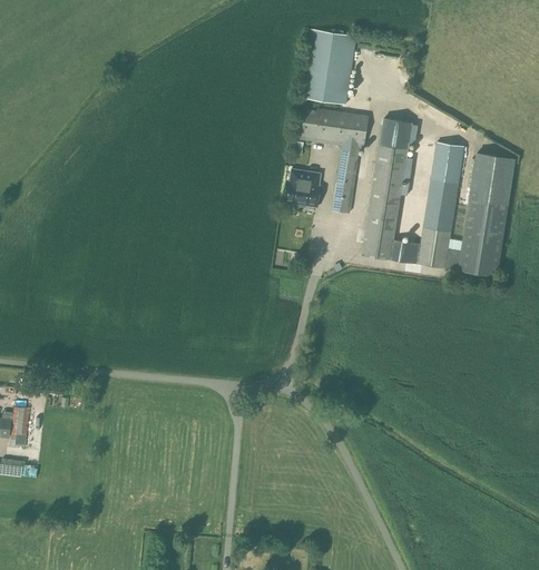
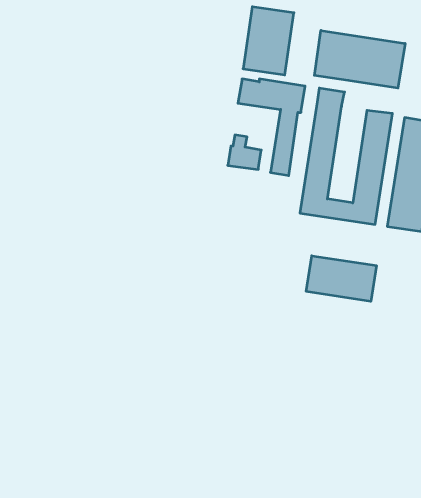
building: none -> [314,30,405,88]
building: none -> [306,256,376,301]

